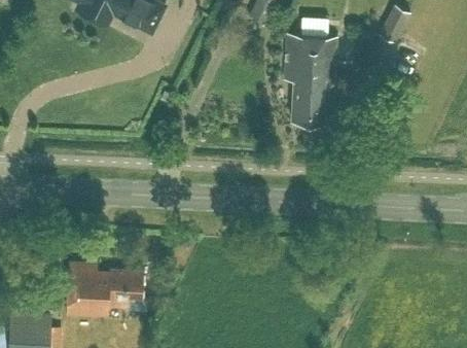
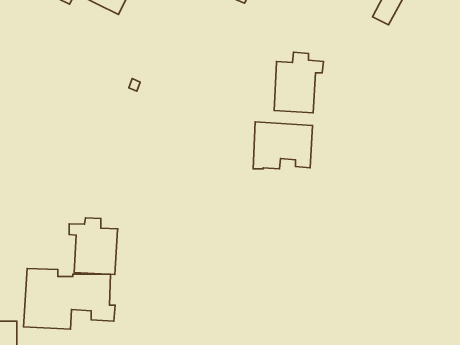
building: [283,35,336,77] -> [253,122,313,169]
building: none -> [69,218,118,274]

